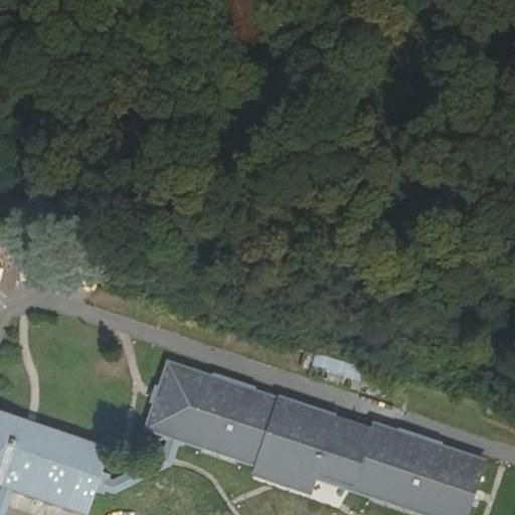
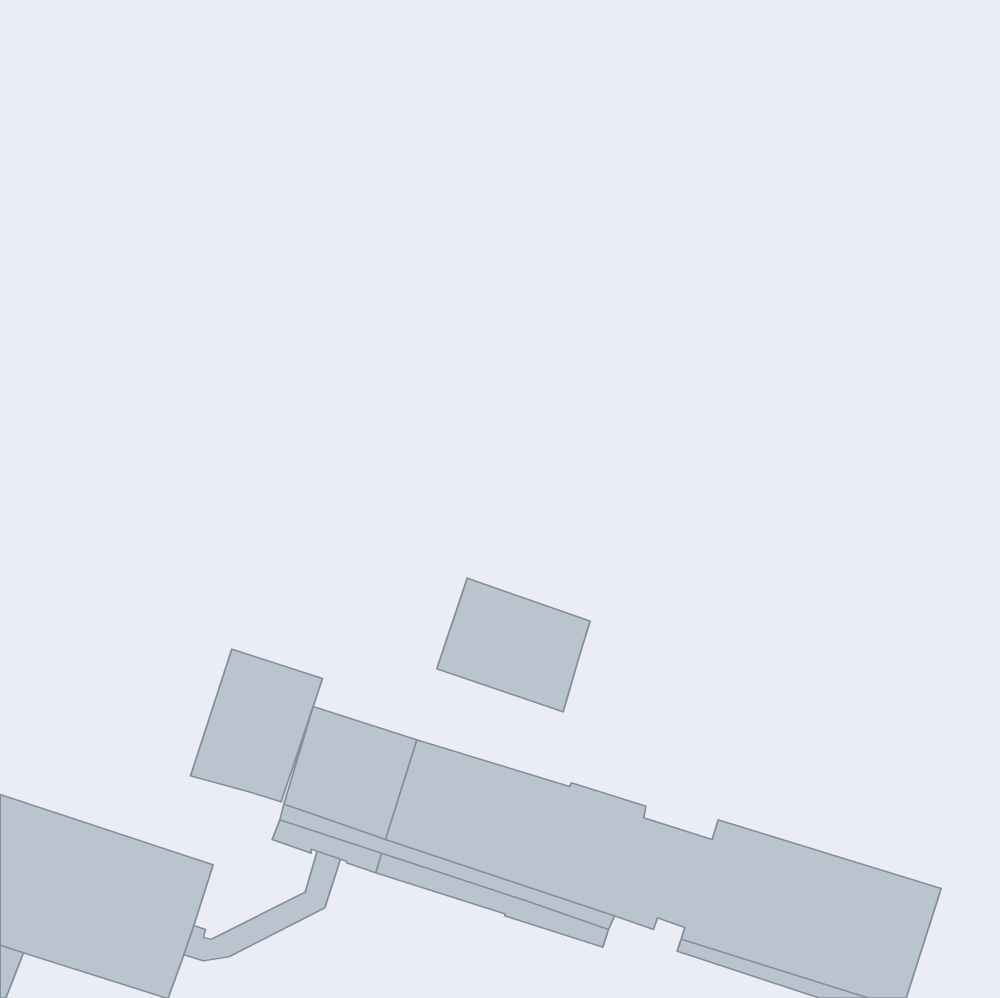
building: none -> [437,578,590,712]
building: none -> [190,649,323,802]

